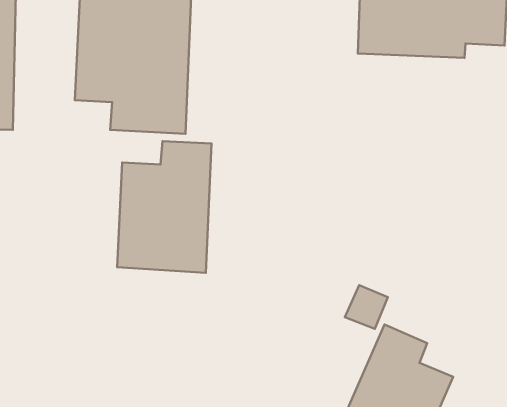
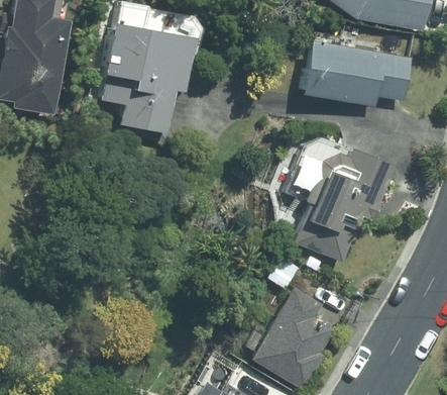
building: none -> [293,147,394,262]
building: [117,141,212,273] -> none

